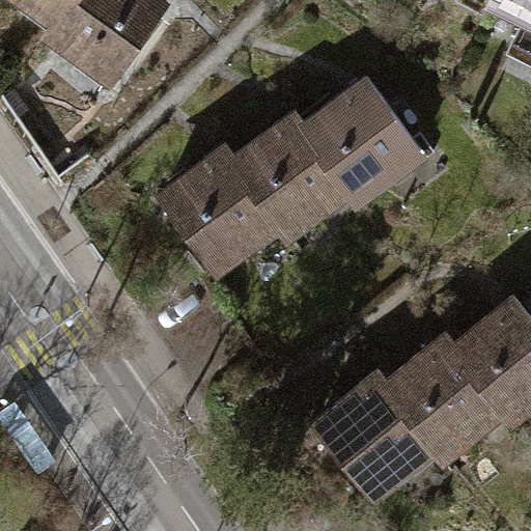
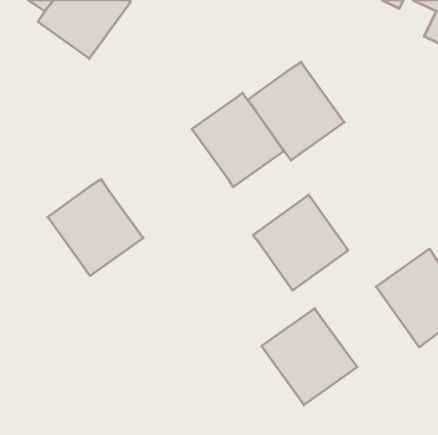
building: [163,152,278,269] -> [48,179,143,276]
building: none -> [253,195,348,290]
building: [388,343,499,456] -> none

